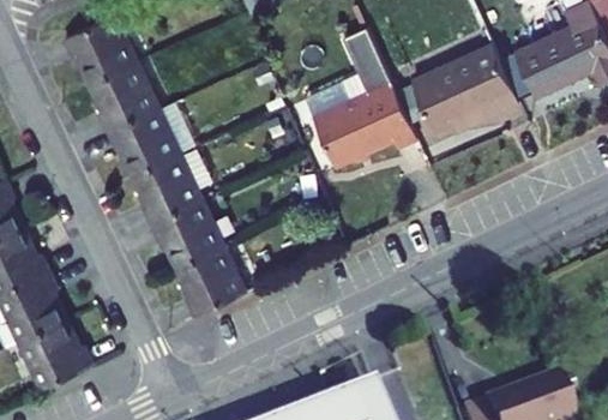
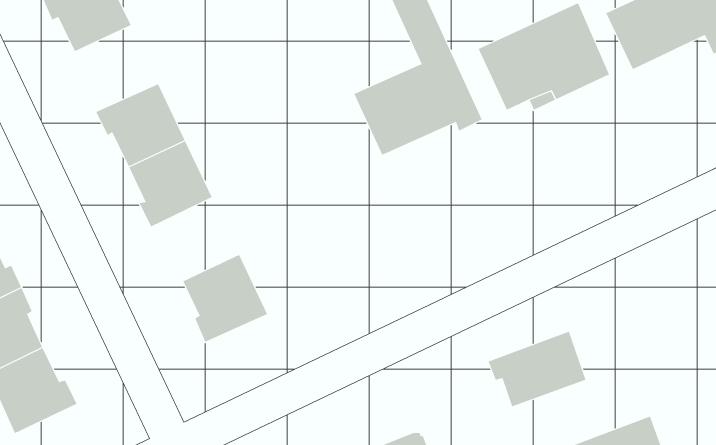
building: [90,60,157,130] -> none
building: [151,198,222,265] -> none
building: none -> [488,331,586,407]

